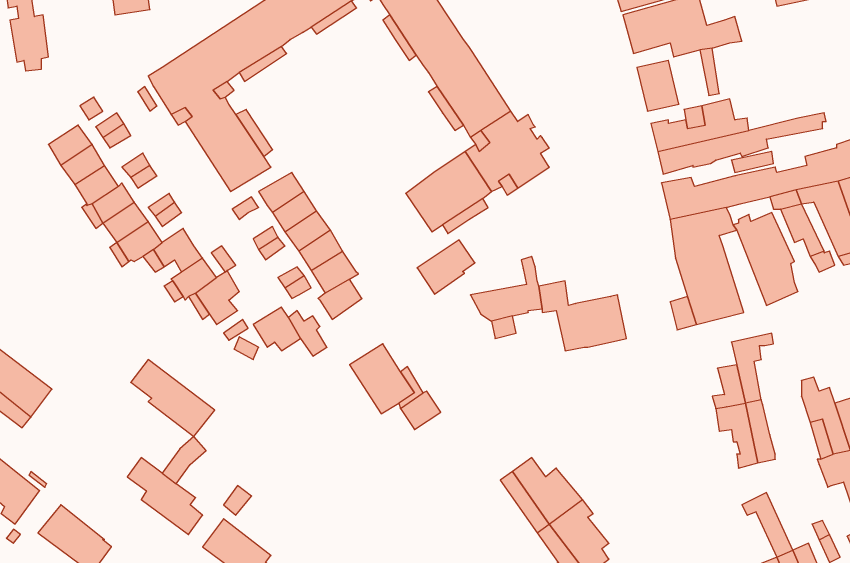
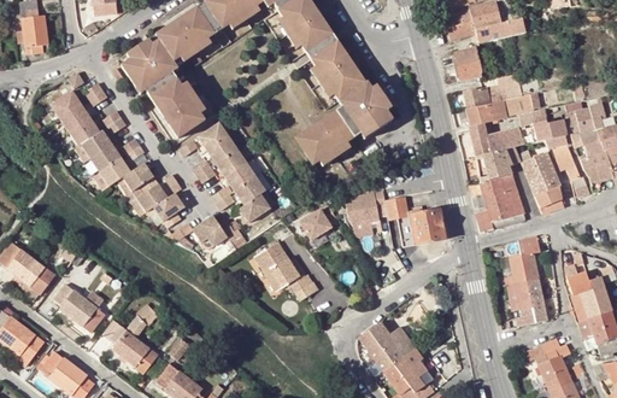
building: [417,240,475,294] -> [300,206,340,244]
building: [131,360,215,437] -> [47,279,105,332]
building: none -> [542,338,571,384]

